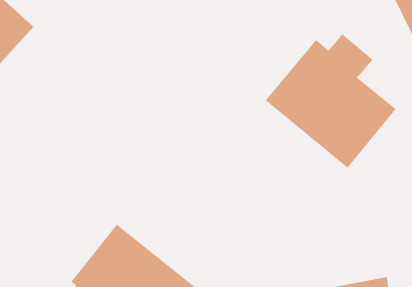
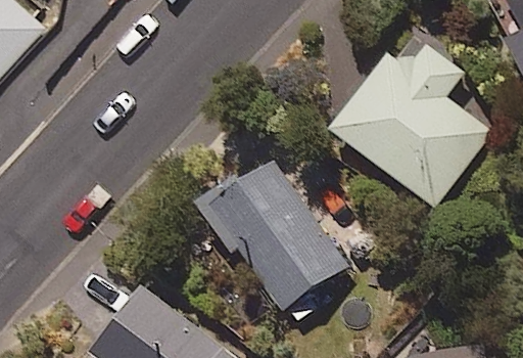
building: none -> [198,152,346,323]

